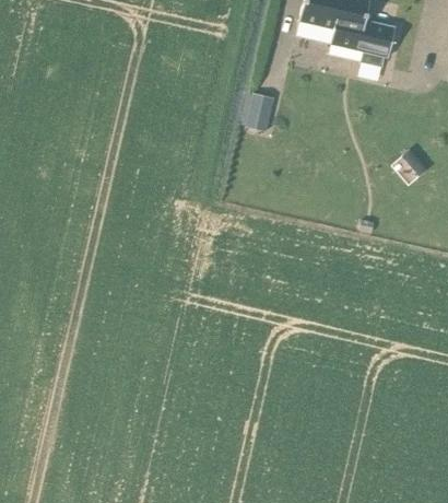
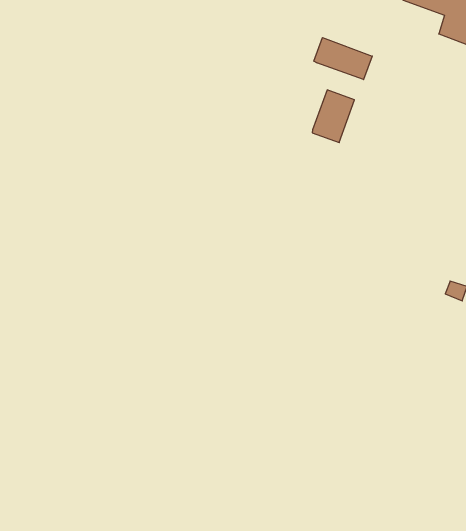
building: none -> [314,38,372,80]

